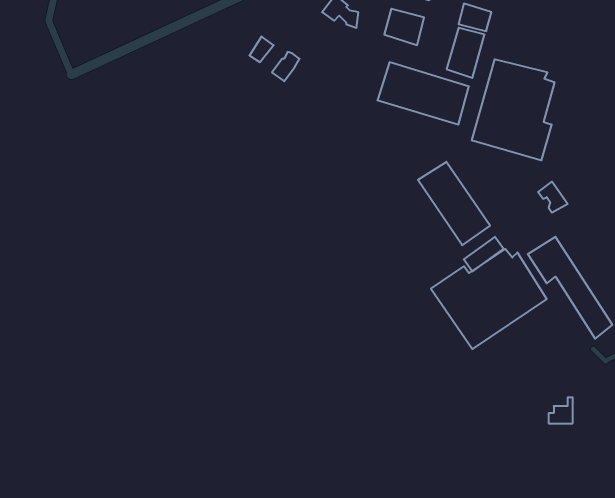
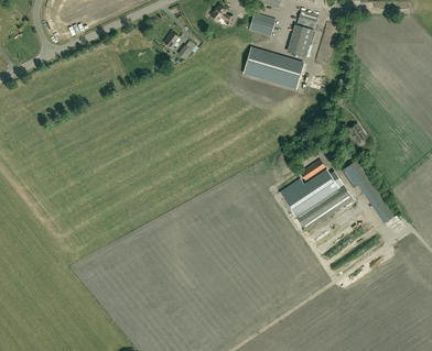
building: [472,59,554,160] -> none
building: [418,162,490,245] -> none

